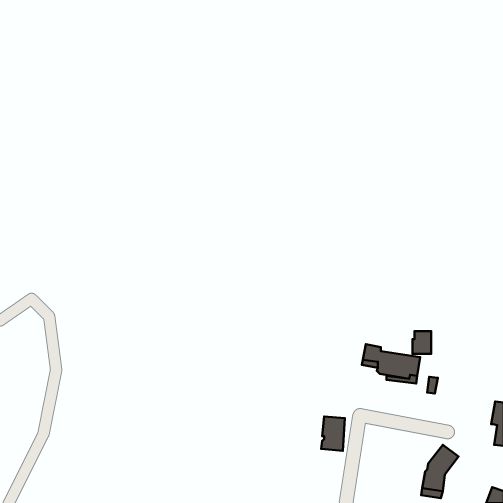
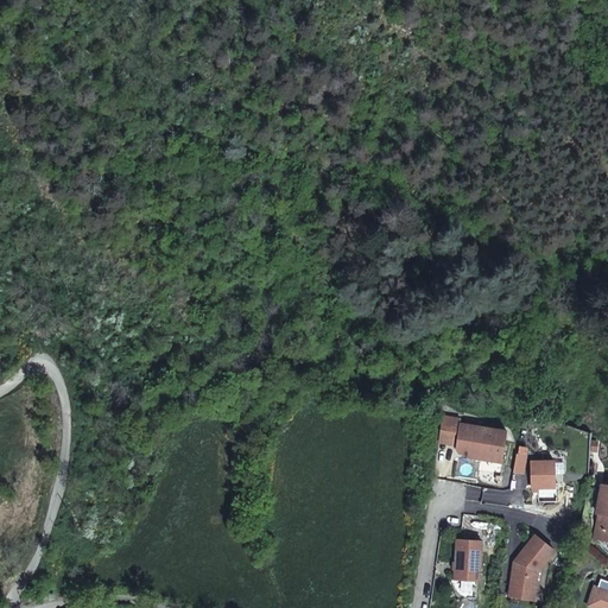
building: [413,331,431,354] -> [531,461,553,488]
building: [321,416,345,451] -> [452,538,481,580]

